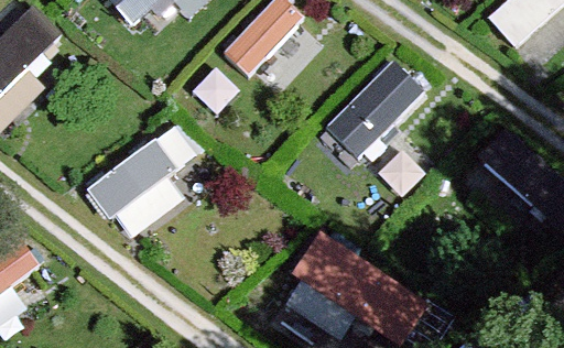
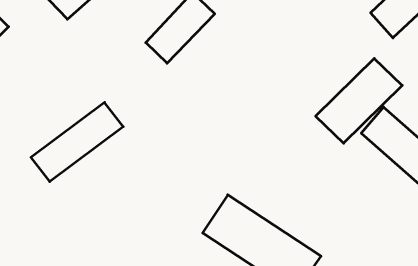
building: [325,59,427,160] -> [316,58,402,143]

